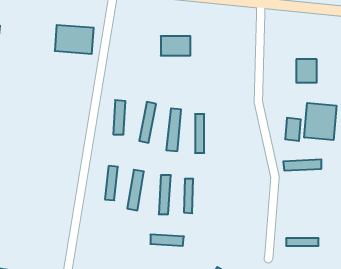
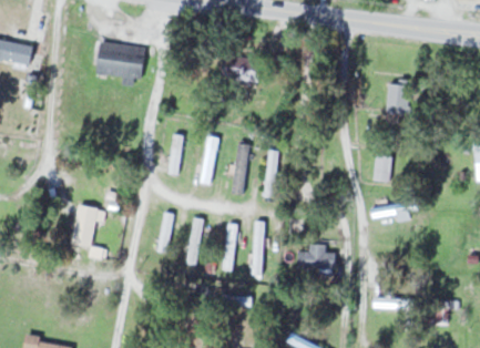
building: [304,103,336,140] -> none
building: none -> [71,205,98,247]
building: none -> [297,245,334,277]

